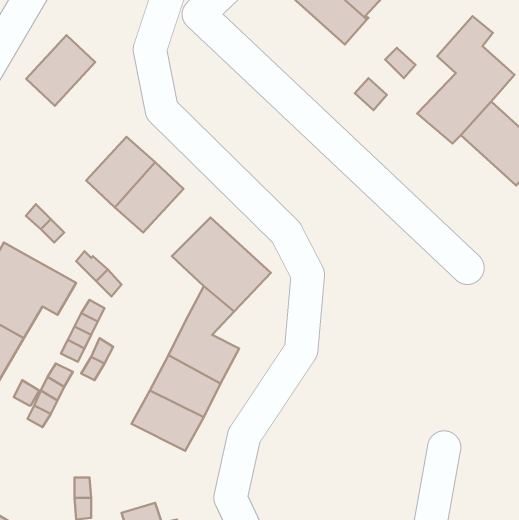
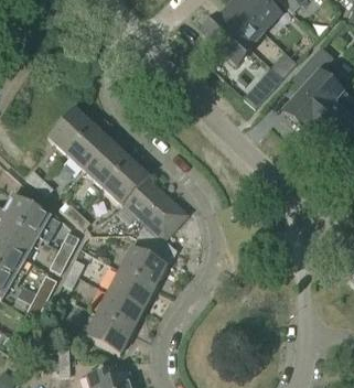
building: [26,35,95,106] -> [47,108,93,154]
building: none -> [104,160,149,206]
building: none -> [85,314,131,355]

